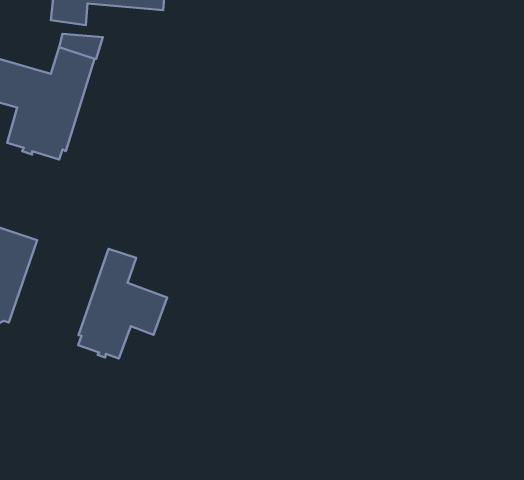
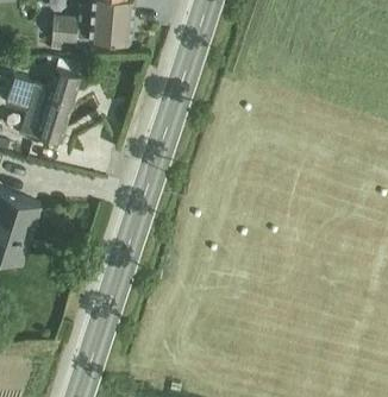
building: [78,249,167,359] -> none

